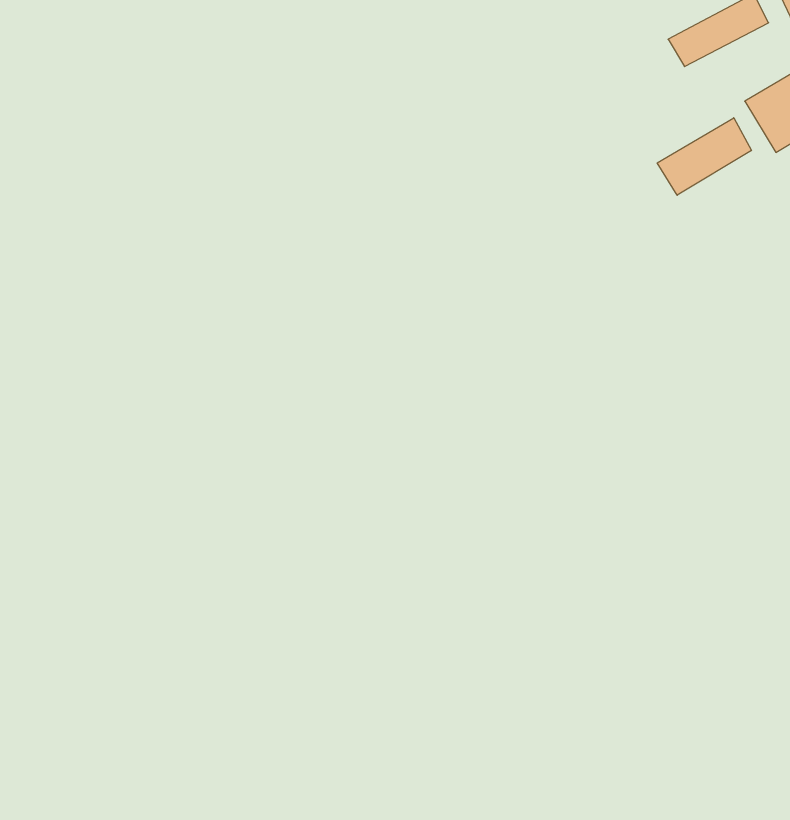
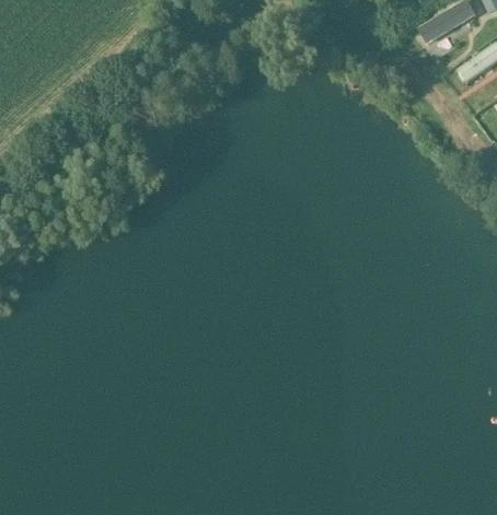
building: [657,118,751,195] -> none

